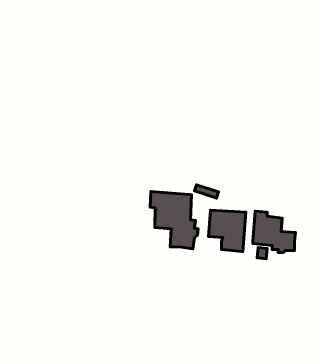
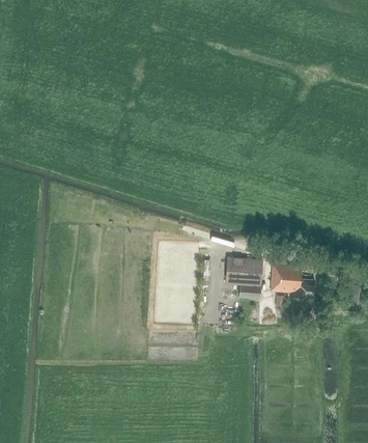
building: [150,192,198,249] -> none

